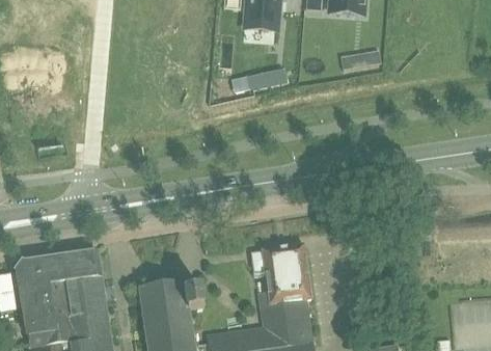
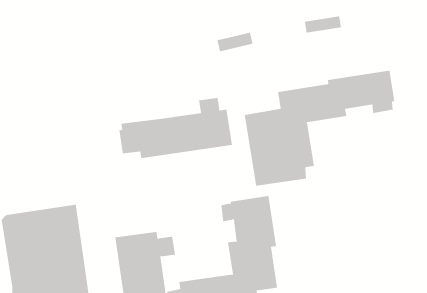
building: none -> [244,70,395,187]
building: none -> [119,97,233,159]

